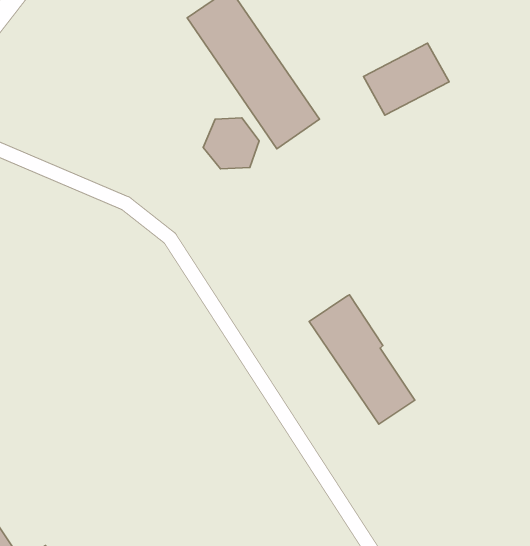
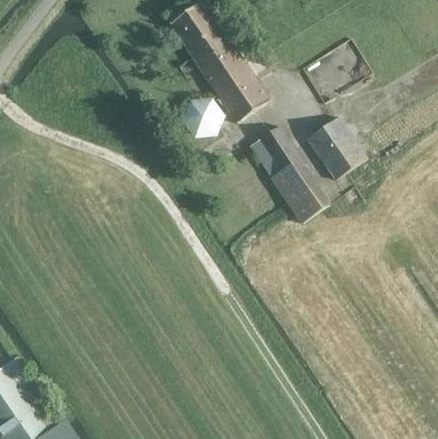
building: none -> [308,118,366,179]
building: [309,295,415,424] -> [250,126,329,224]

